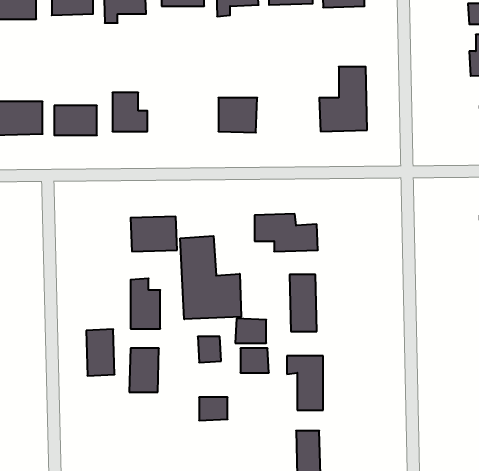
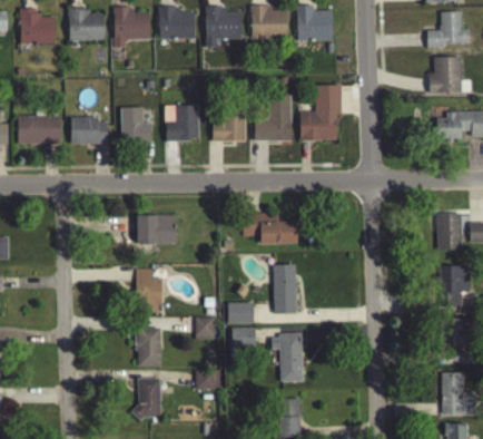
building: none -> [254,95,292,140]
building: none -> [165,105,199,140]
building: [180,236,241,319] -> none
building: [86,329,115,376] -> [137,378,161,418]

